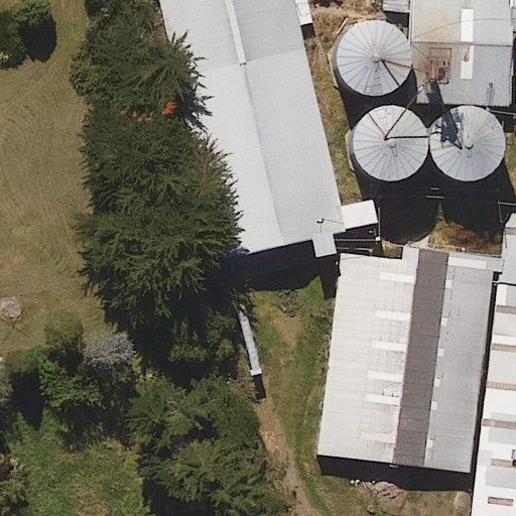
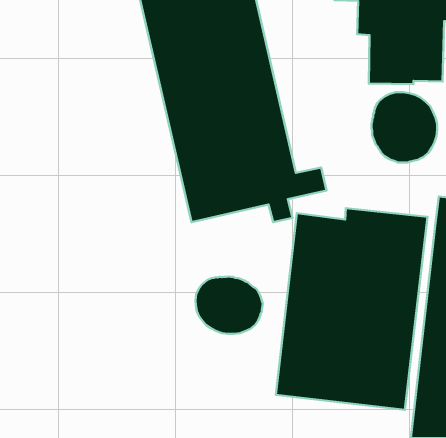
building: [334,20,411,99] -> none
building: [349,105,425,183] -> none
building: none -> [196,276,263,334]

